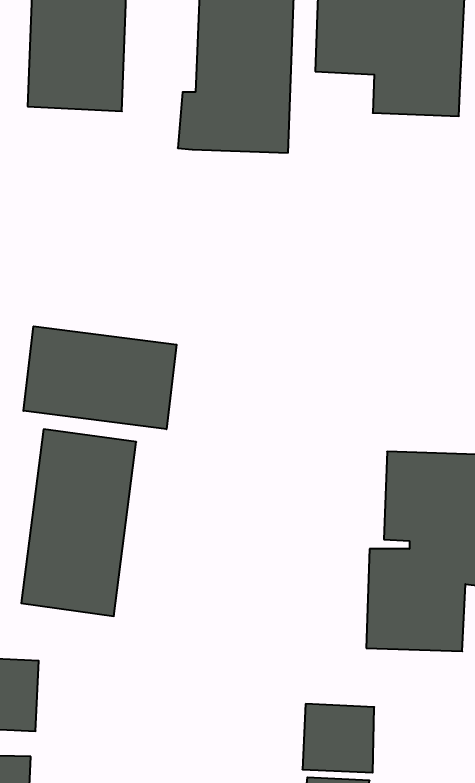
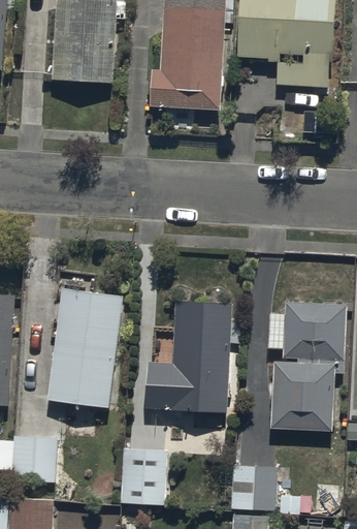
building: [23,326,177,429] -> none
building: none -> [145,302,231,412]
building: none -> [118,446,167,504]

